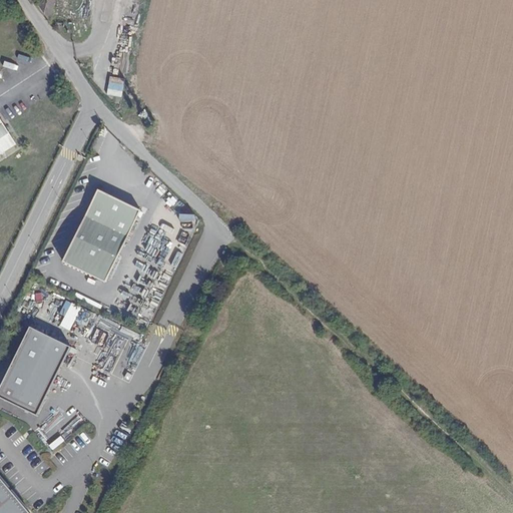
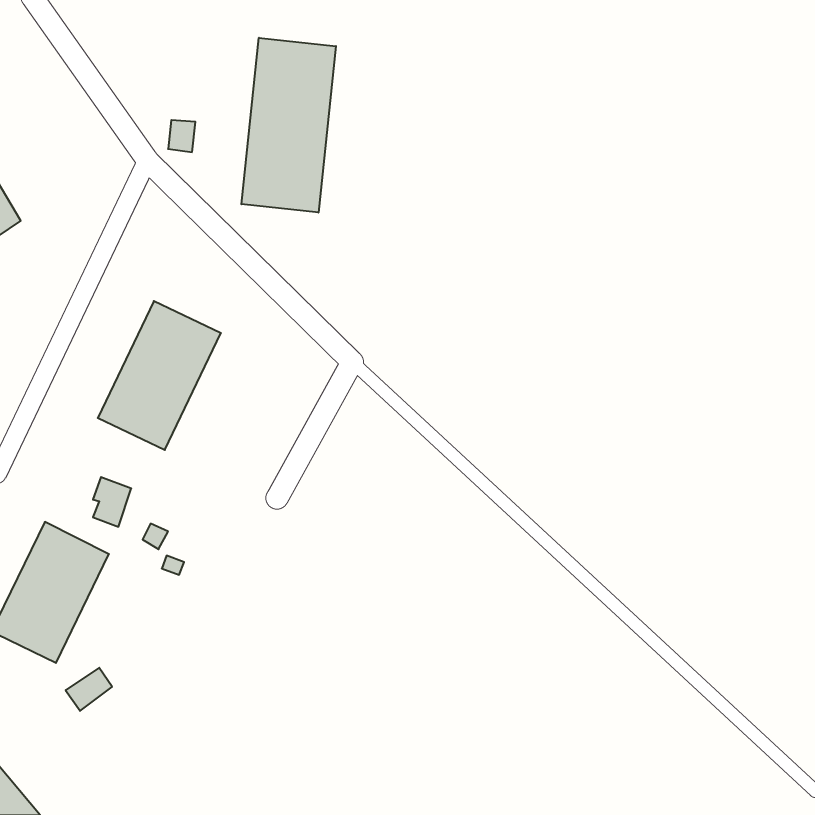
building: none -> [241,38,336,213]

